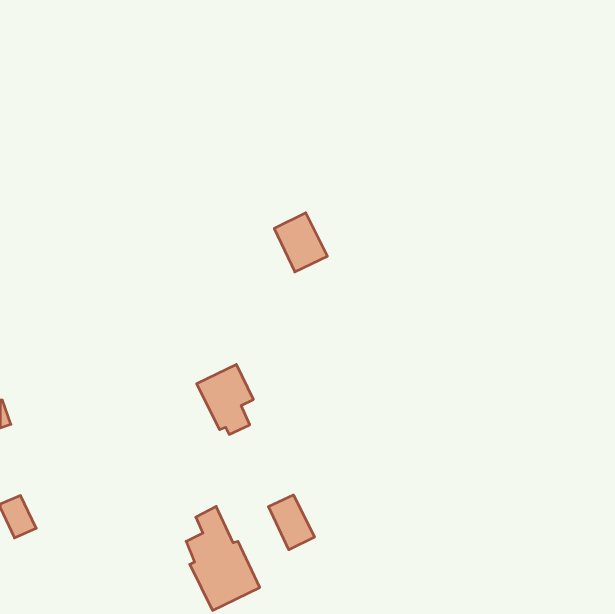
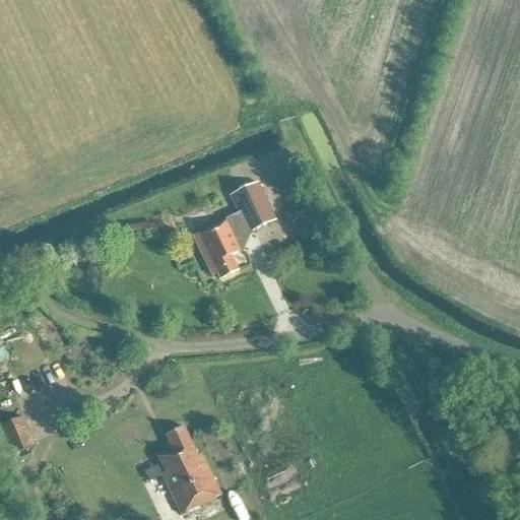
building: [197,364,253,434] -> [195,216,243,275]
building: [268,495,314,550] -> none

